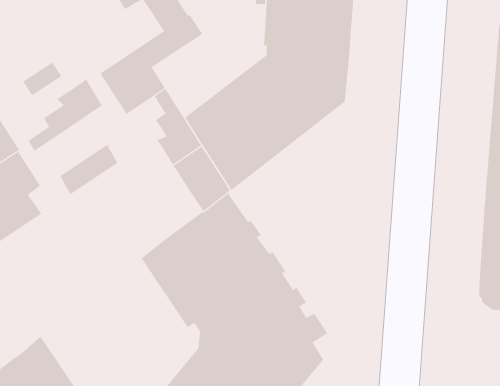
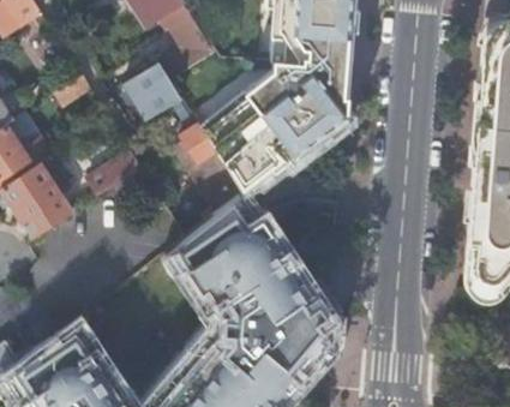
building: [28,79,103,151] -> none

